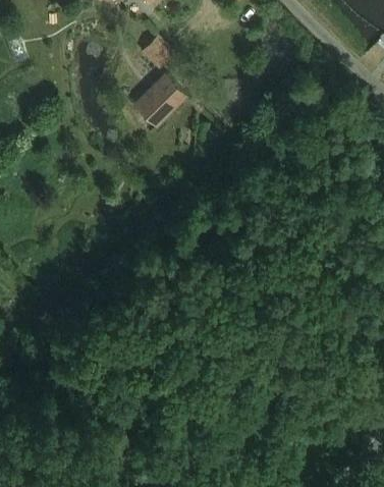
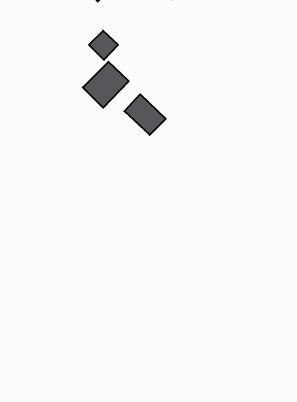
building: none -> [124,94,166,135]

